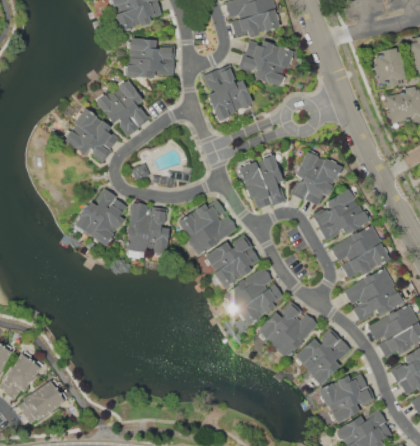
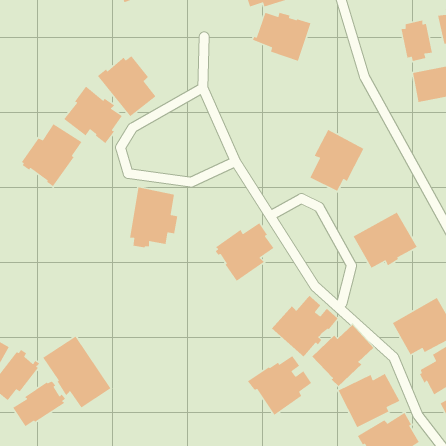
building: [126,37,175,78] -> none
building: [203,63,253,121] -> none
building: [238,154,287,208] -> none
building: [312,186,371,240] -> none
building: [74,188,131,247] -> [21,123,83,187]
building: [175,199,237,255] -> none
building: [343,266,405,321] -> none
building: [223,269,283,325] -> [247,355,312,416]
building: none -> [42,336,111,409]

